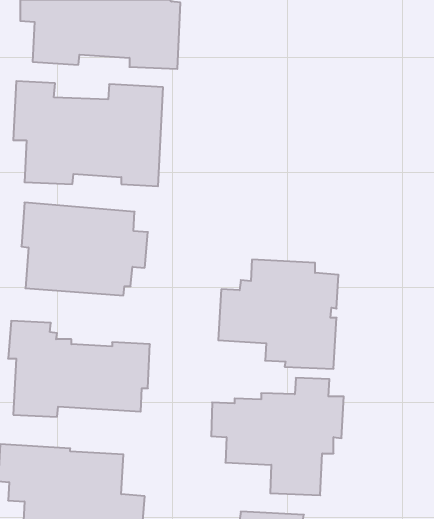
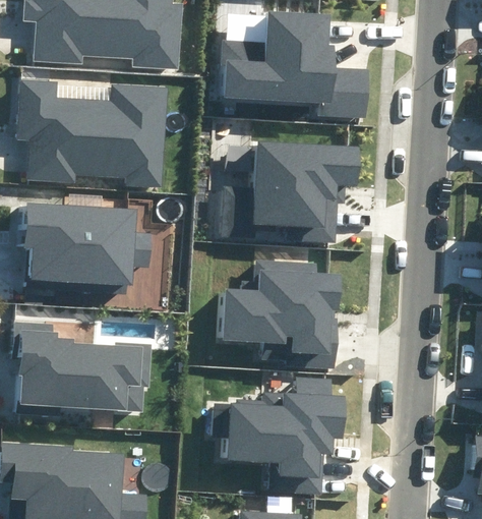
building: none -> [221,11,368,118]
building: none -> [220,141,359,243]

